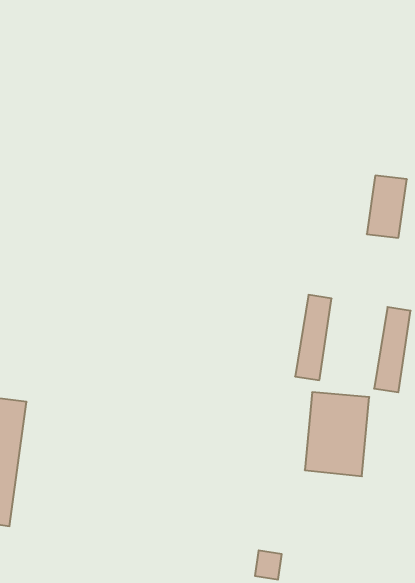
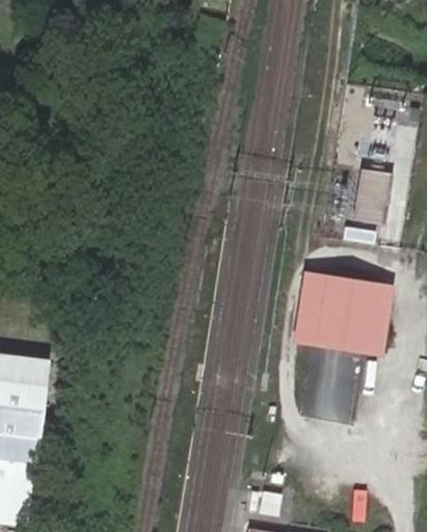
building: none -> [315,275,373,352]

